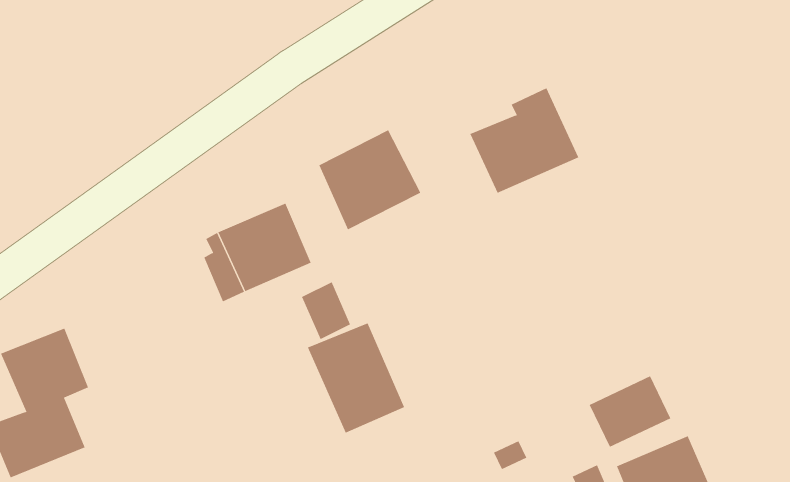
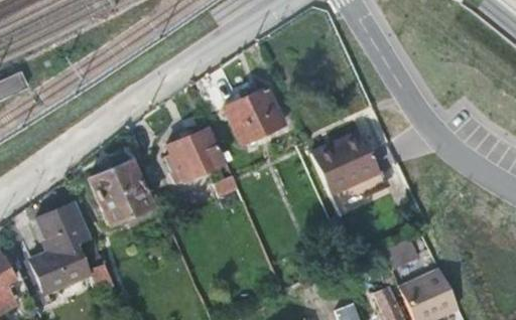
building: [470,88,579,194] -> [315,133,380,195]
building: none -> [89,162,146,216]
building: [307,323,405,434] -> none

